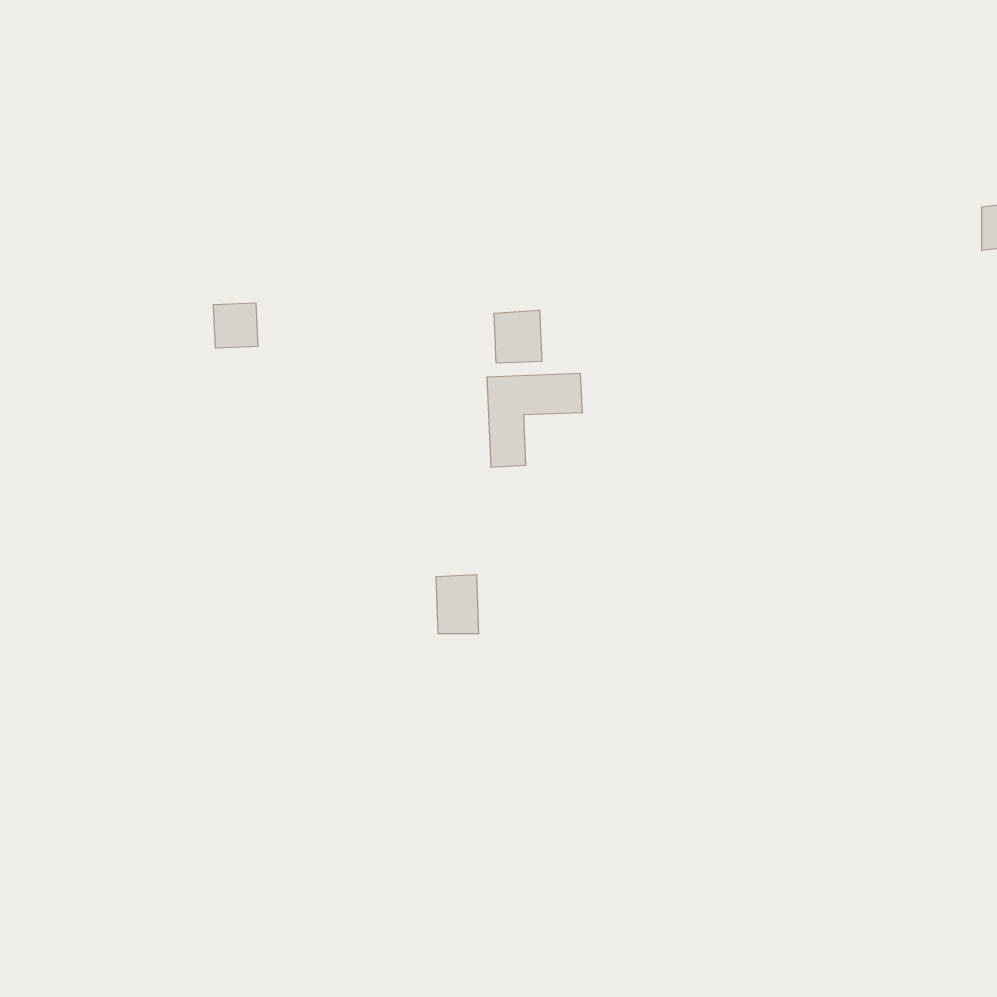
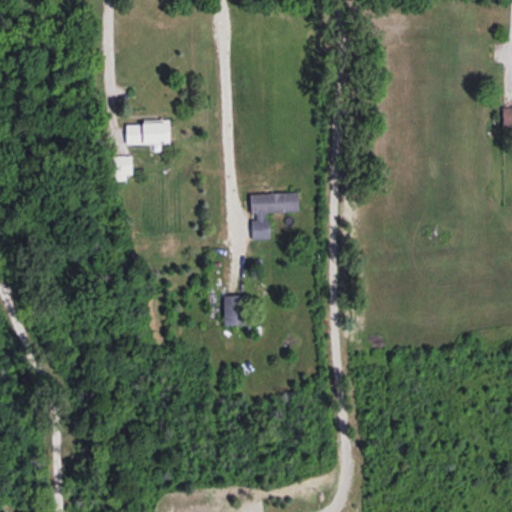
building: none -> [126,120,170,144]
building: [494,310,542,363] -> none

